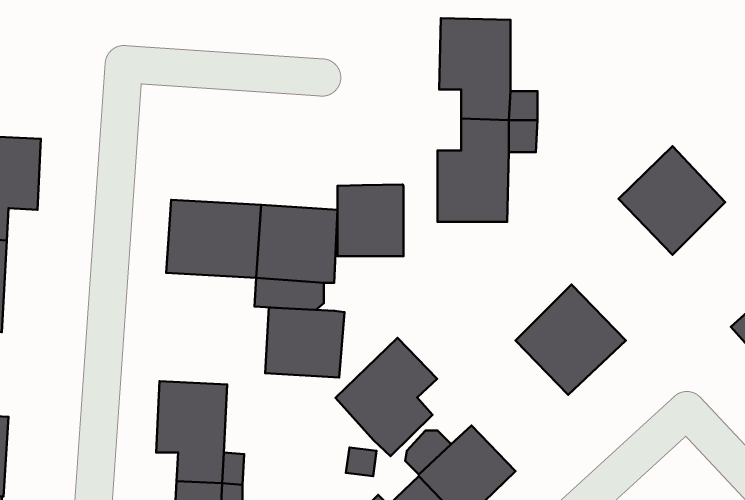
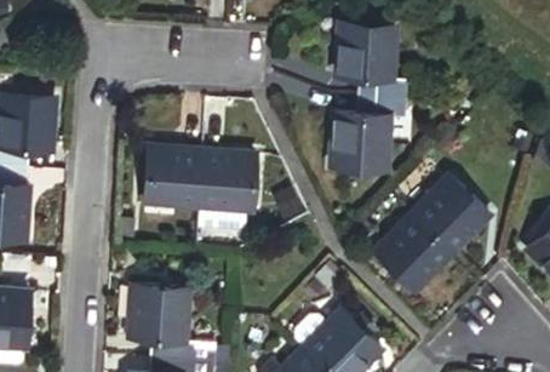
building: [618,146,725,255] -> [425,172,502,250]
building: [337,185,404,256] -> none
building: [265,308,344,377] -> none
building: [335,338,437,456] -> none

